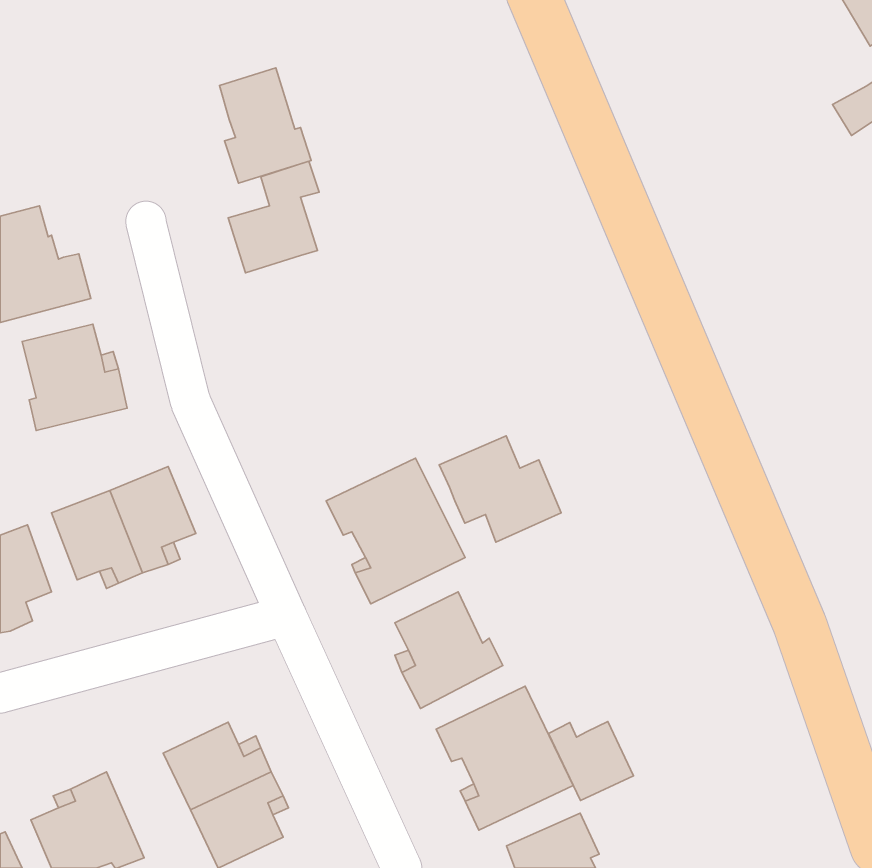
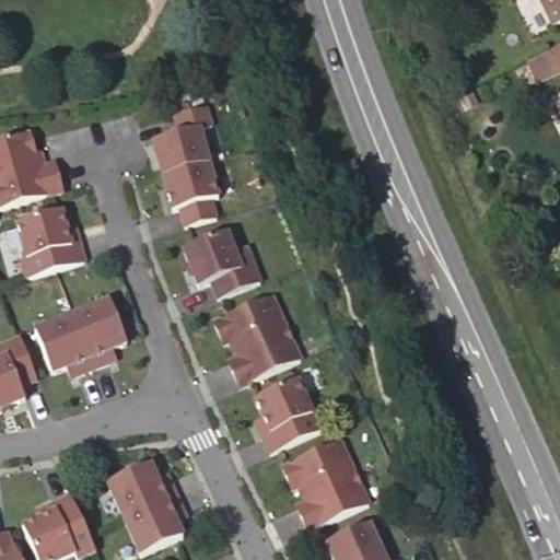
building: [220,68,311,183] -> none
building: none -> [160,160,215,224]
building: [439,436,561,542] -> [182,229,259,296]
building: [548,722,634,800] -> none

